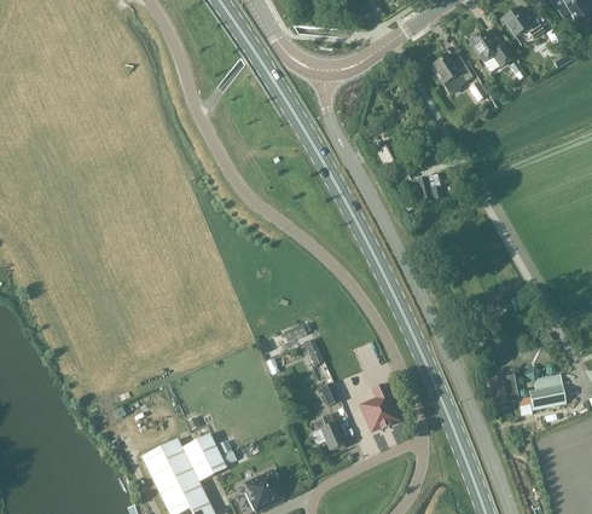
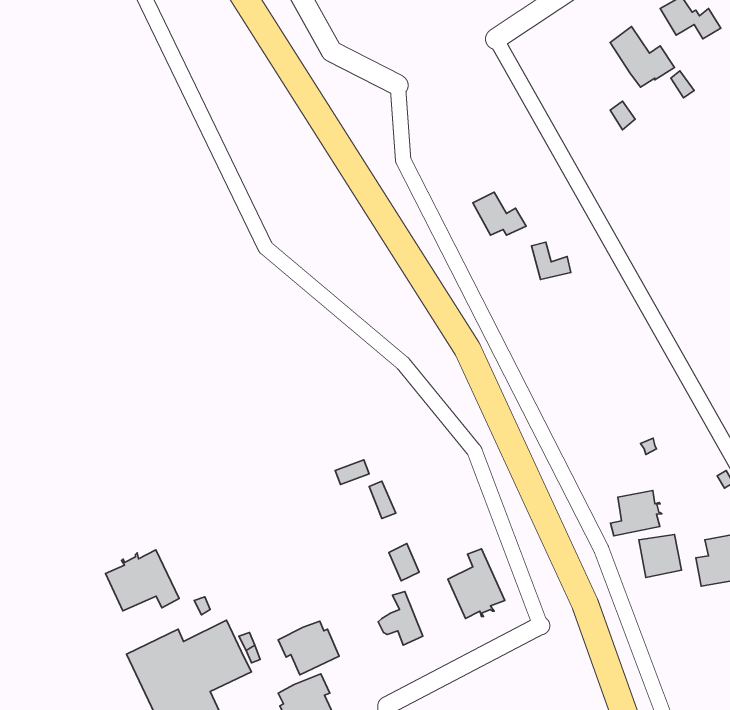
building: [430,54,472,93] -> none
building: none -> [611,490,662,536]
building: none -> [106,550,179,611]
building: none -> [278,621,339,675]

